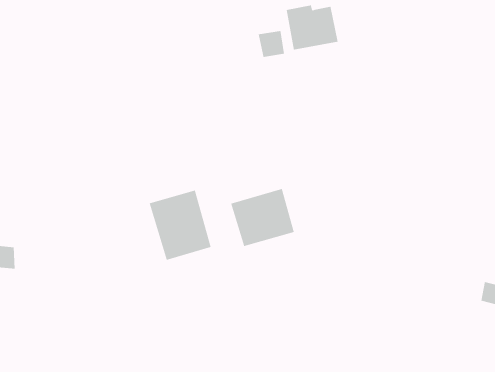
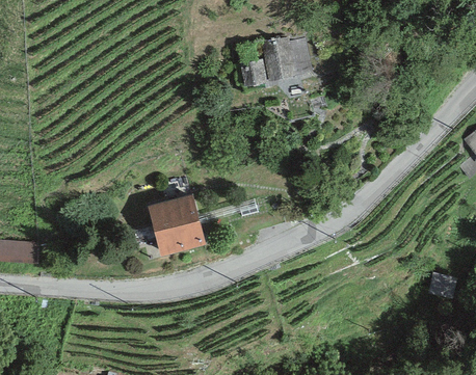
building: [230,188,294,247] -> none

